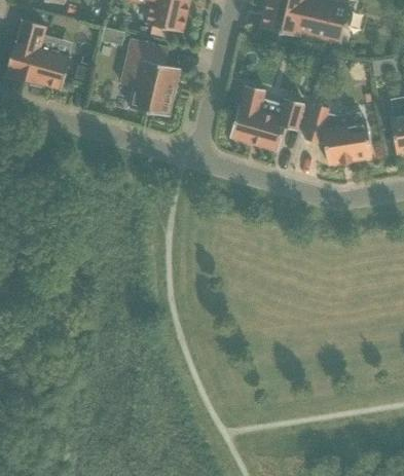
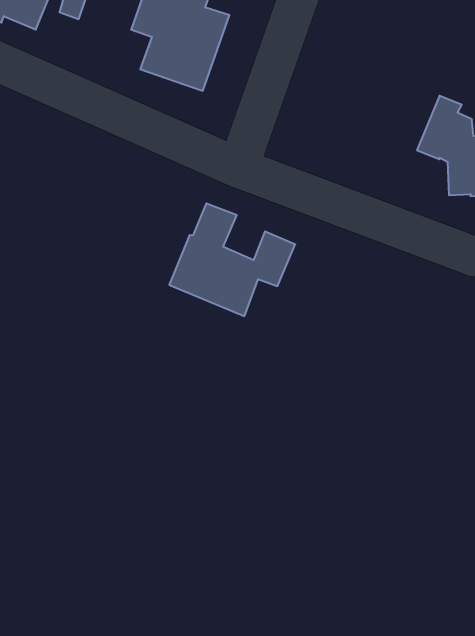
building: [229,83,304,150] -> [169,203,295,316]

